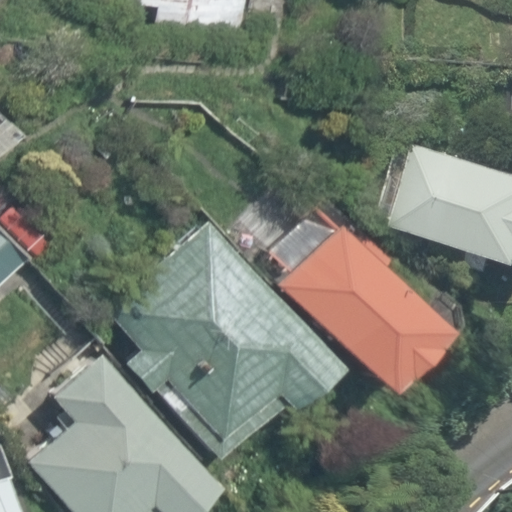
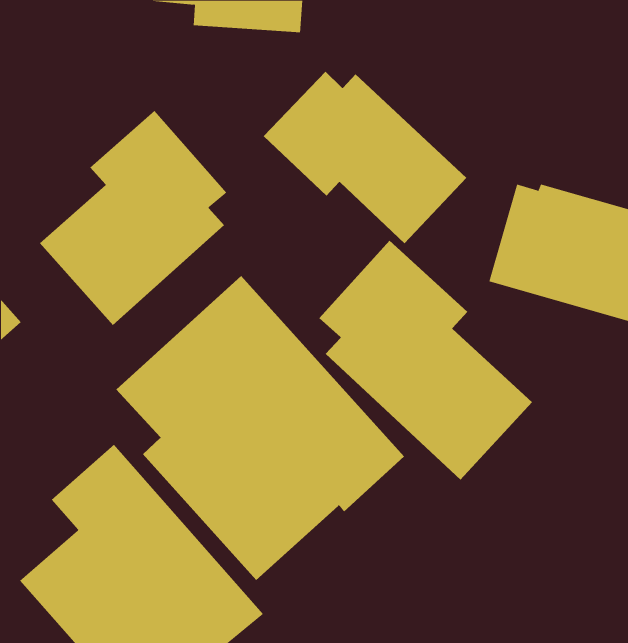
building: none -> [263,71,467,244]
building: none -> [39,110,227,326]

